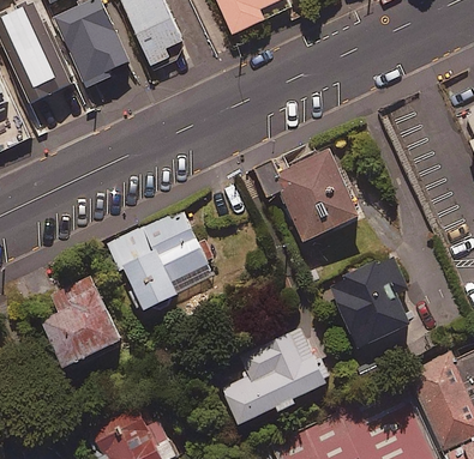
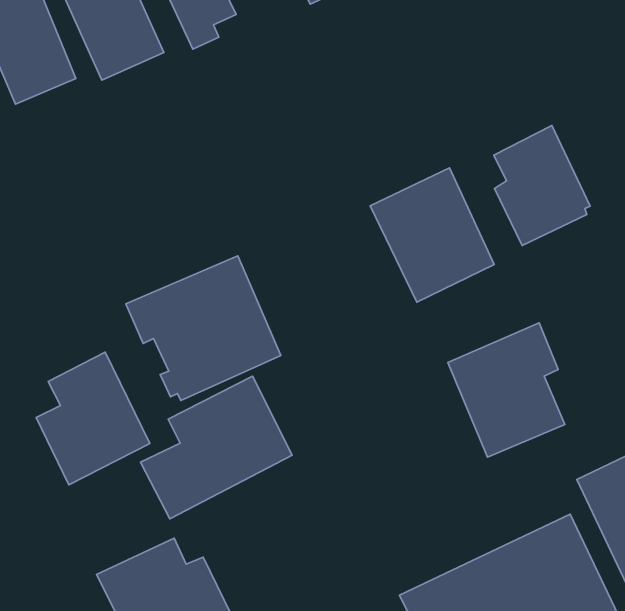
building: none -> [494,126,590,246]
building: [221,327,326,427] -> [141,376,292,519]

